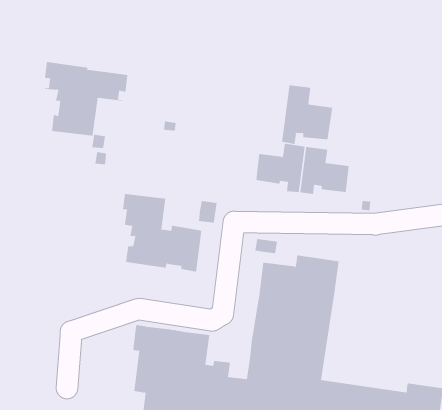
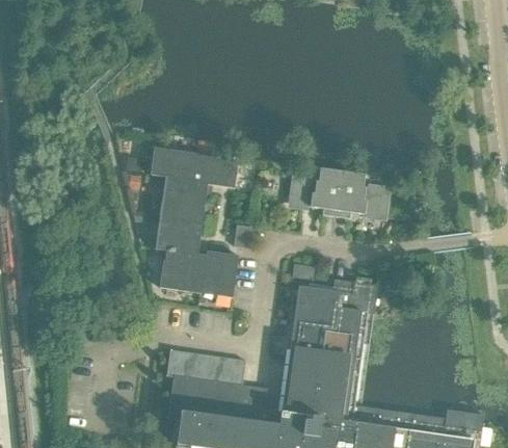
building: [44,61,128,136] -> [151,147,236,222]
building: [282,84,333,145] -> none

